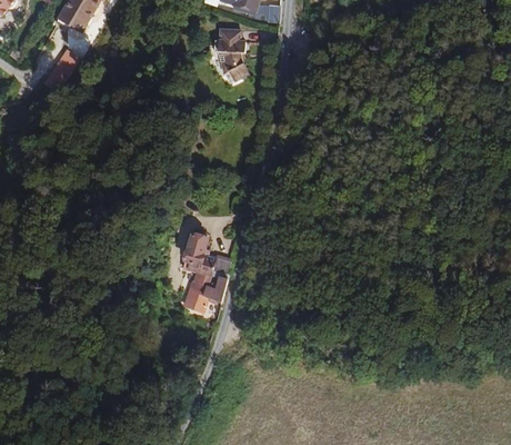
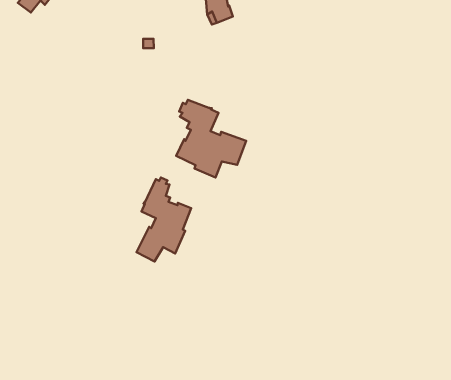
building: none -> [176,100,246,178]

